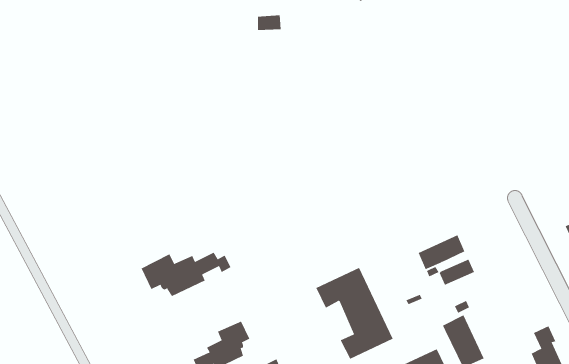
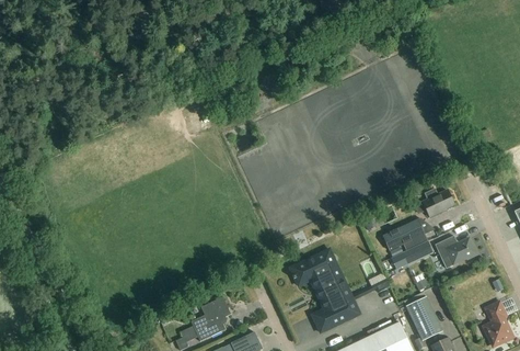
building: none -> [423,188,454,216]
building: [141,252,231,297] -> none
building: none -> [436,235,477,267]

